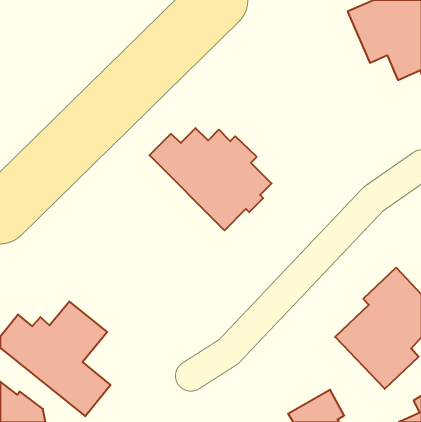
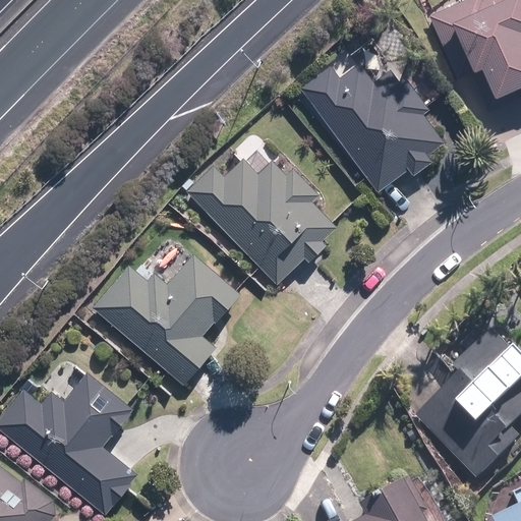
building: none -> [300,64,443,191]
building: none -> [93,253,240,383]

